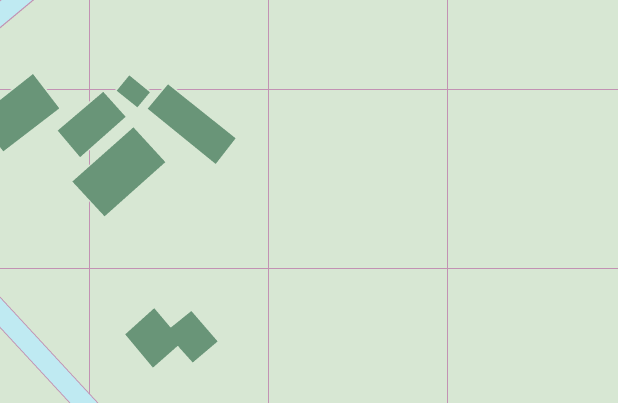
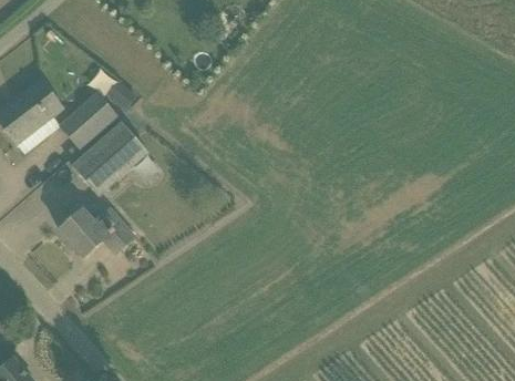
building: [147,83,237,165] -> none
building: [124,307,219,369] -> [59,207,135,257]

